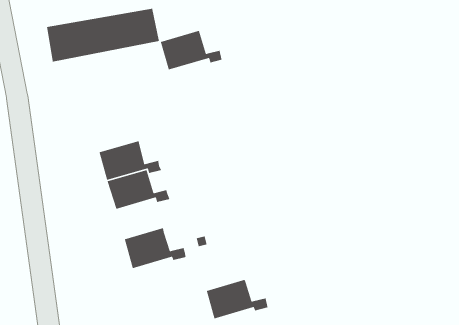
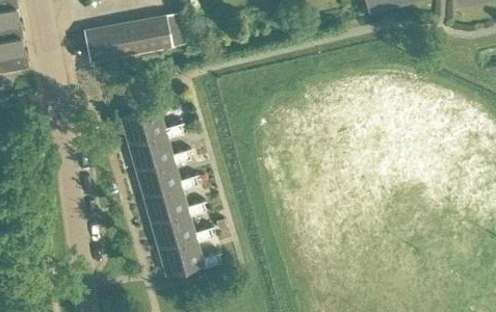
building: [160,30,223,71] -> [123,107,179,144]
building: none -> [146,185,202,222]
building: [206,279,268,320] -> [160,238,216,275]

